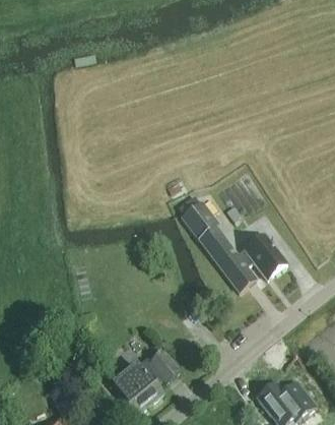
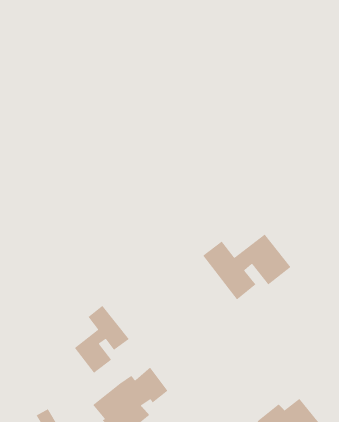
building: [181,200,219,239] -> none
building: none -> [74,305,130,374]

